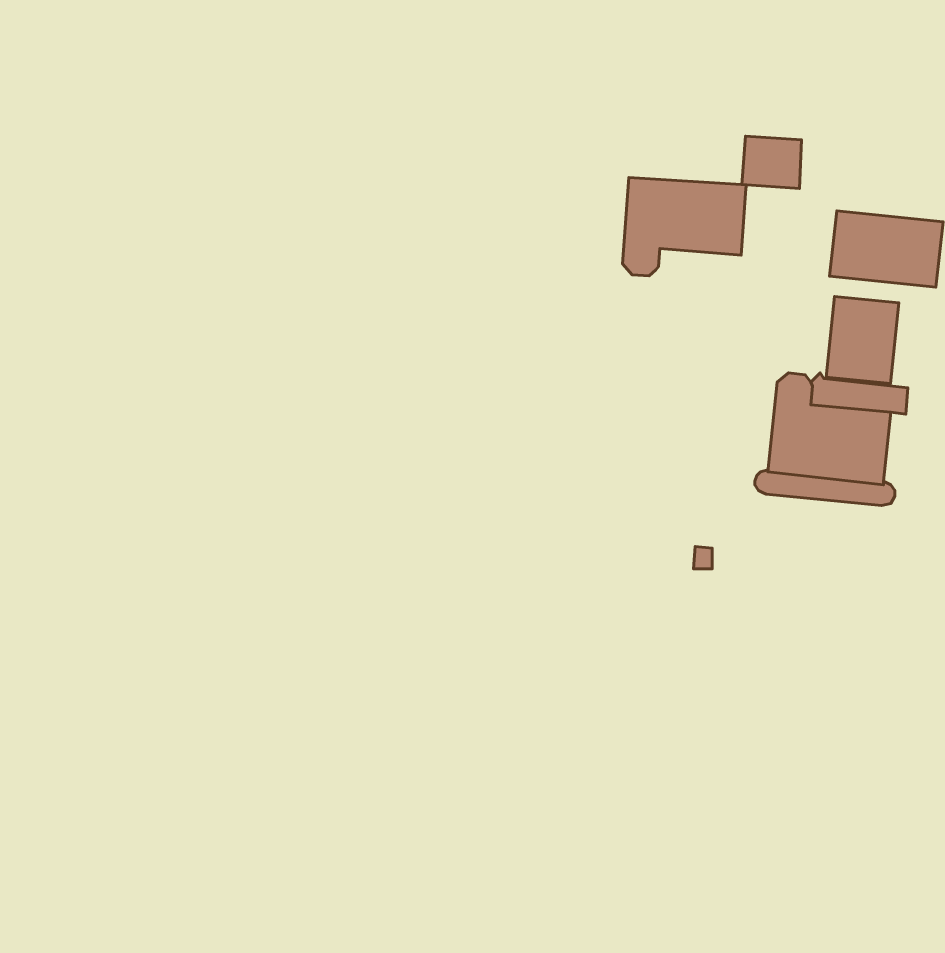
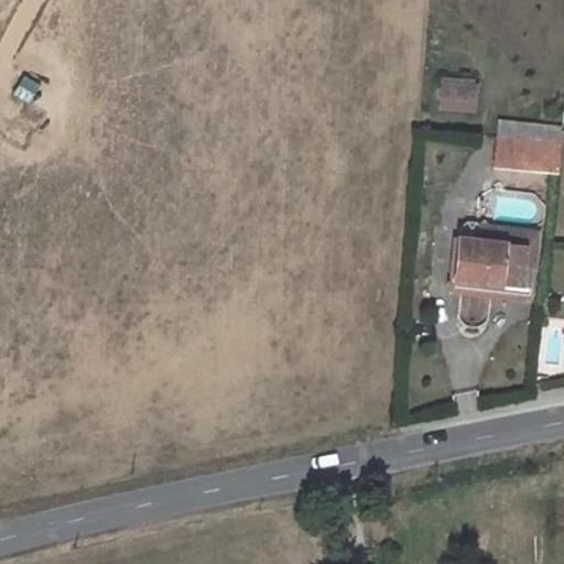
building: [622,177,746,276] -> none
building: [826,296,899,383] -> none

